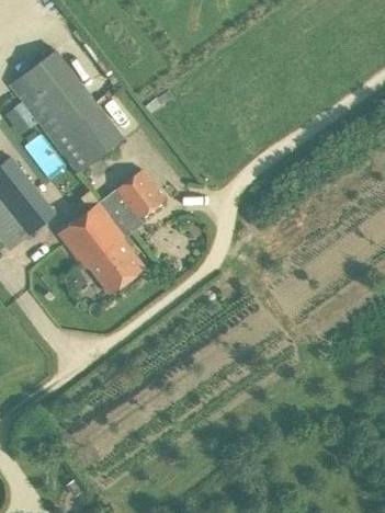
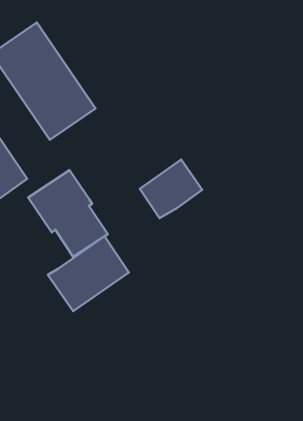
building: [99,169,165,232] -> [140,159,202,218]
building: none -> [48,236,129,311]

